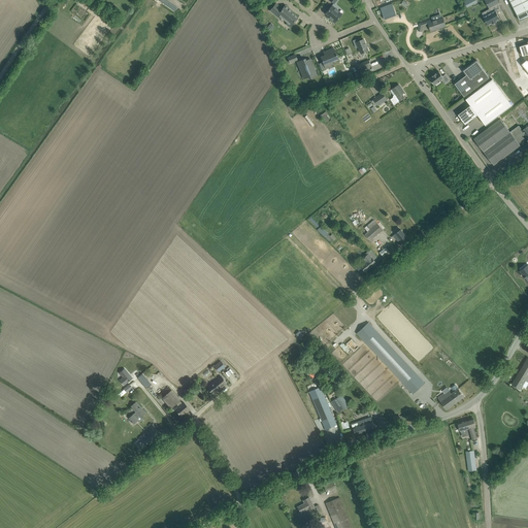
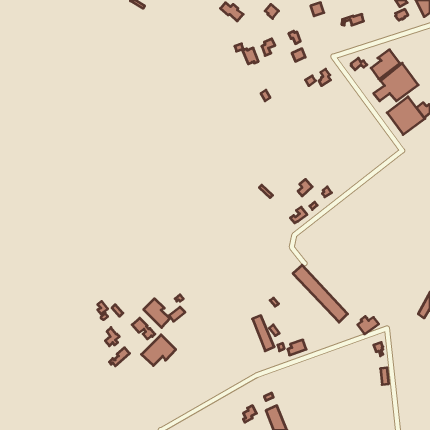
building: none -> [144,299,170,328]
building: none -> [141,335,176,366]

